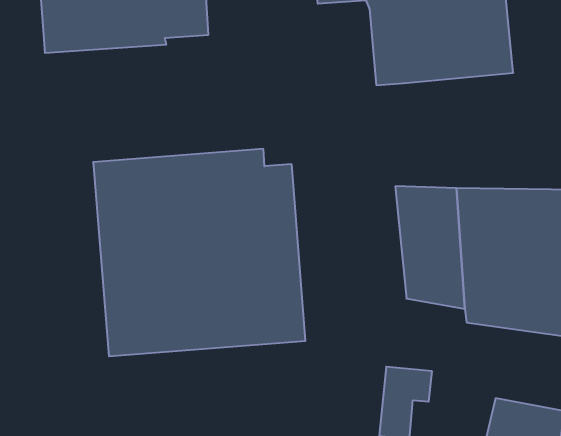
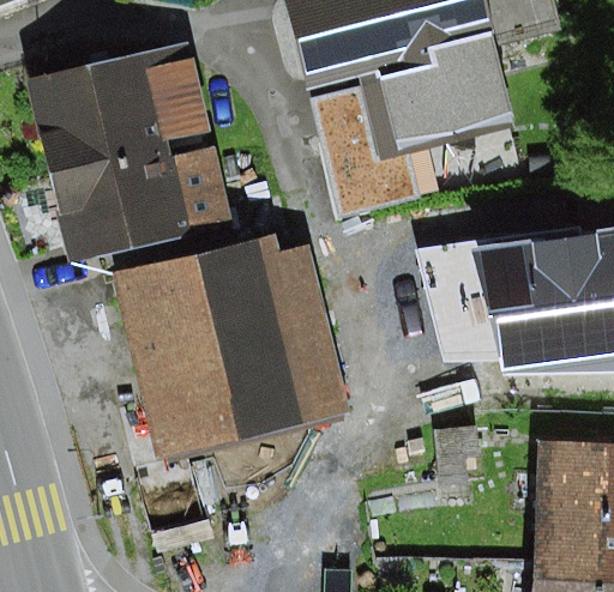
building: none -> [308,81,417,213]
building: none -> [52,146,234,260]

